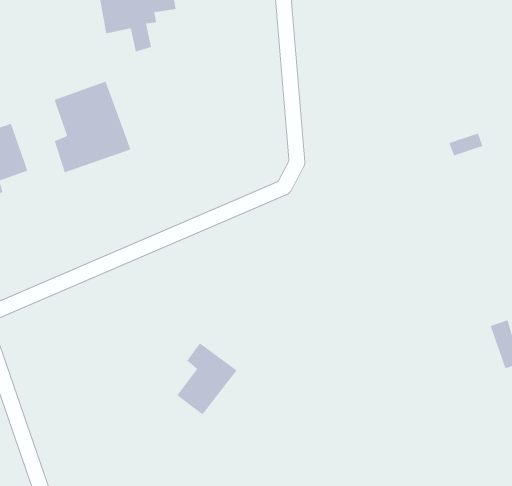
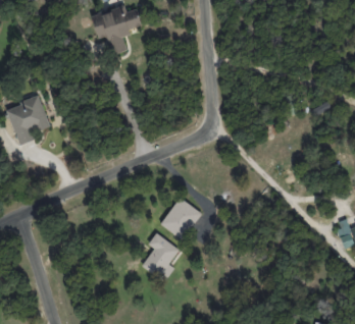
building: [54,81,131,173] -> none
building: none -> [160,198,201,240]

